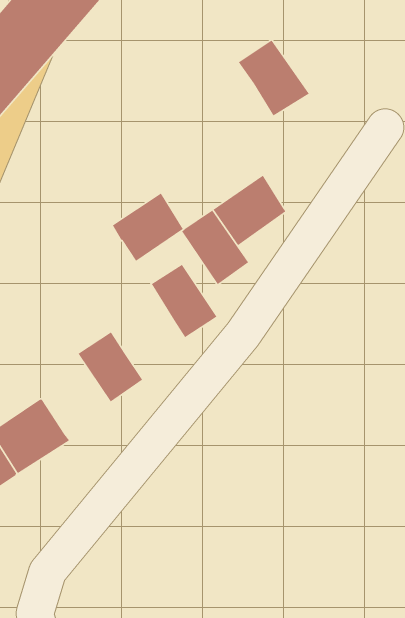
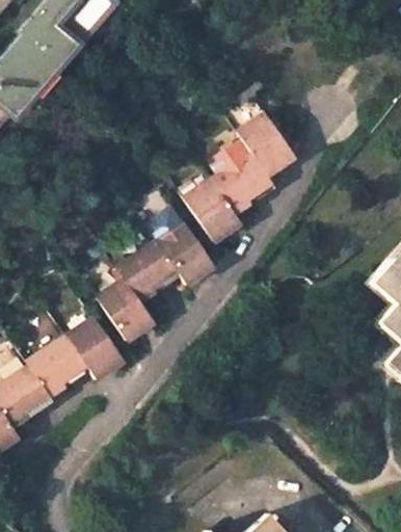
building: [238,40,310,117] -> [238,112,297,176]
building: [112,192,184,262] -> [117,239,177,296]
building: none -> [69,316,123,376]

